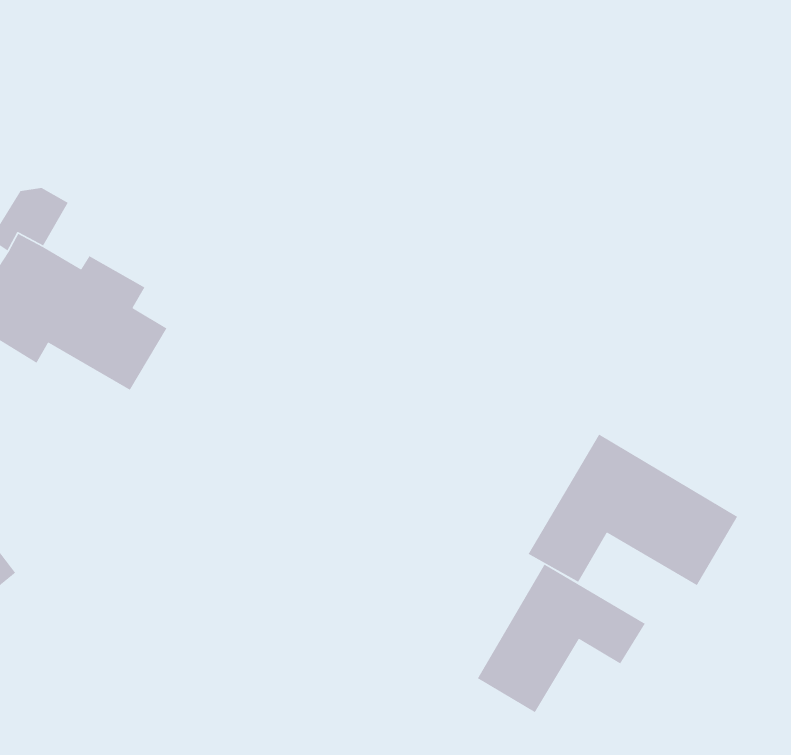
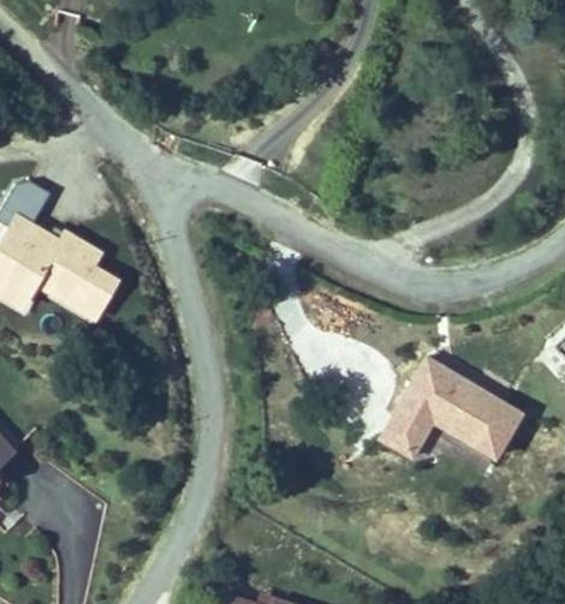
building: [477,564,646,713] -> none

